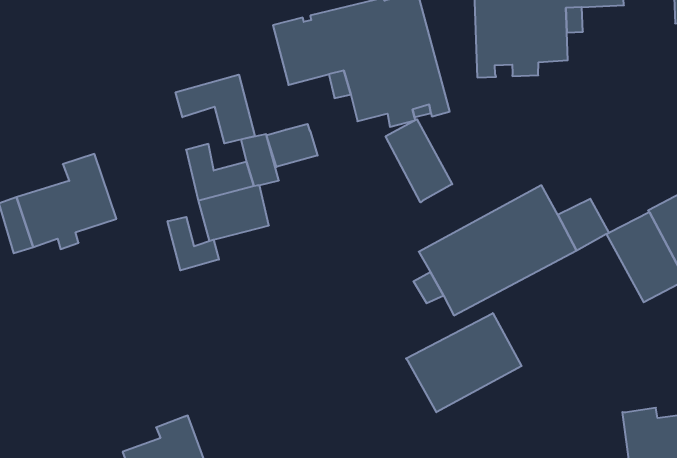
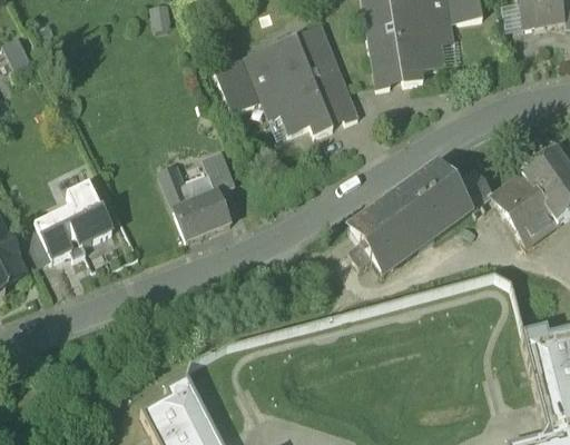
building: [176,75,255,143] -> none
building: [386,119,452,202] -> none
building: [266,124,318,167] -> none
building: [168,217,219,270] -> none
building: [406,313,522,412] -> none

